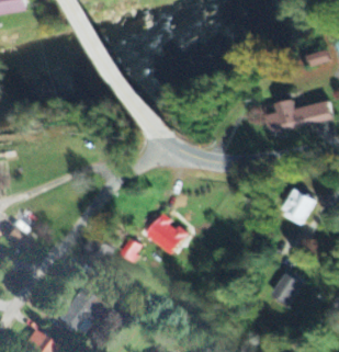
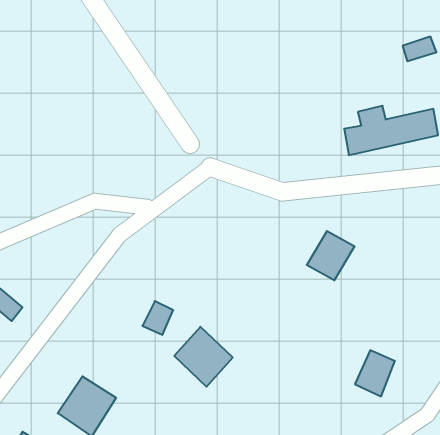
building: [280,190,314,225] -> [307,231,355,280]
building: [146,212,188,254] -> [174,327,233,387]

